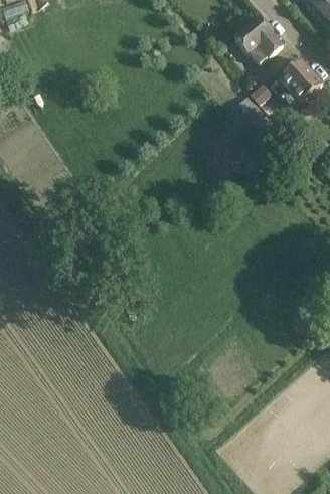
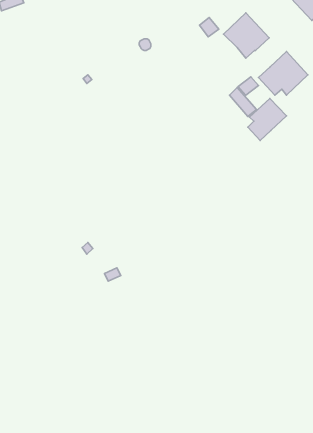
building: none -> [248,99,286,141]

